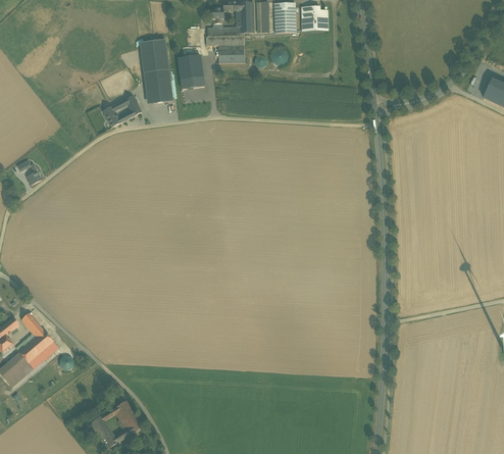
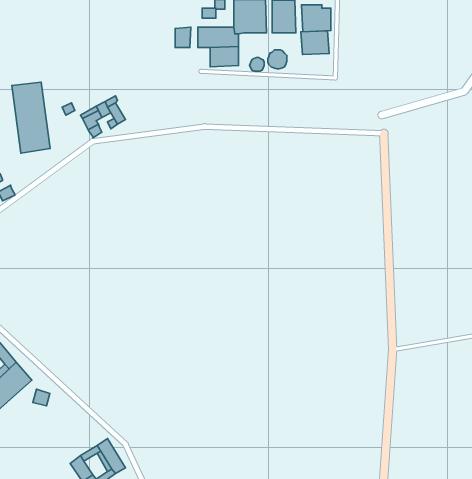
building: none -> [301,31,329,55]
building: [139,40,173,104] -> [12,82,50,153]
building: [178,55,204,89] -> none

